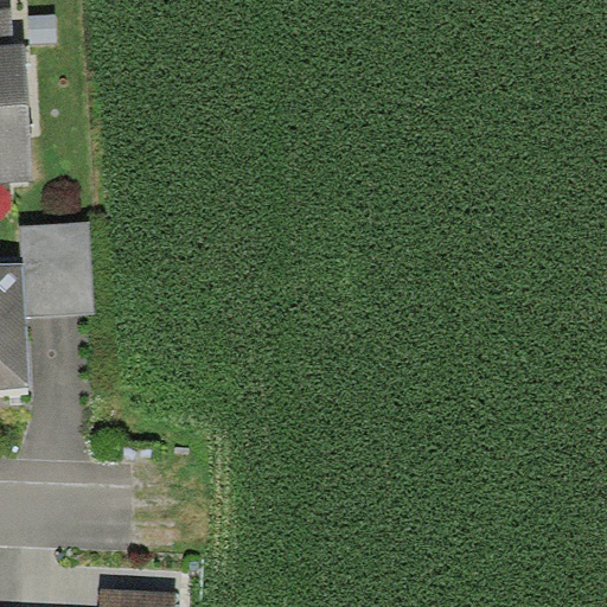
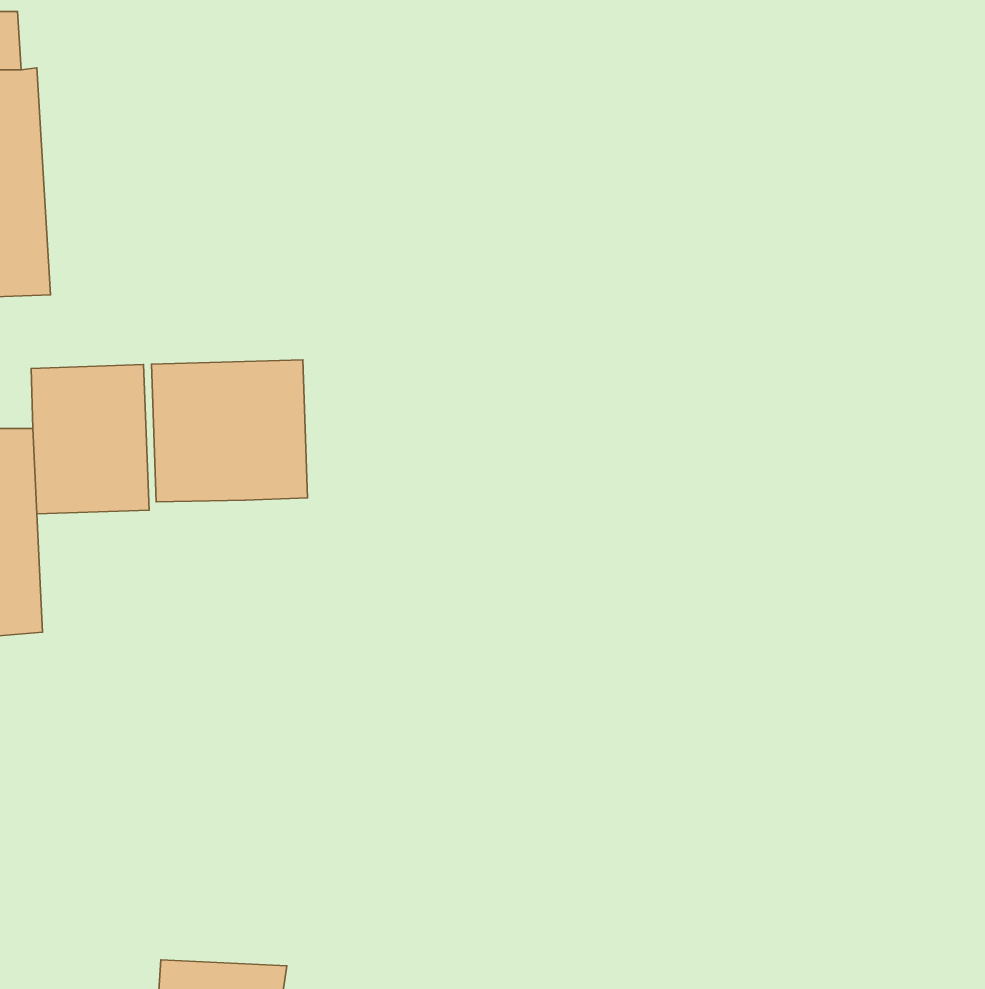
building: none -> [152,360,307,502]

